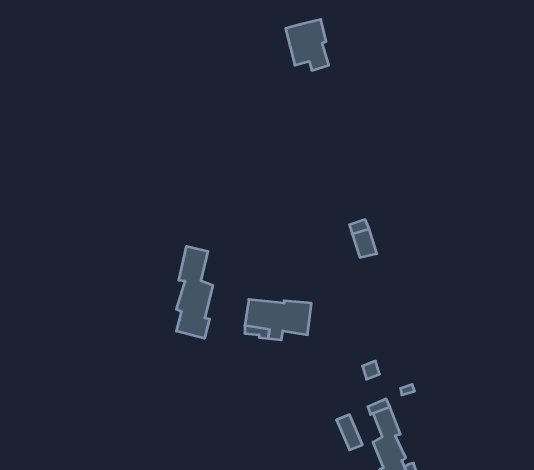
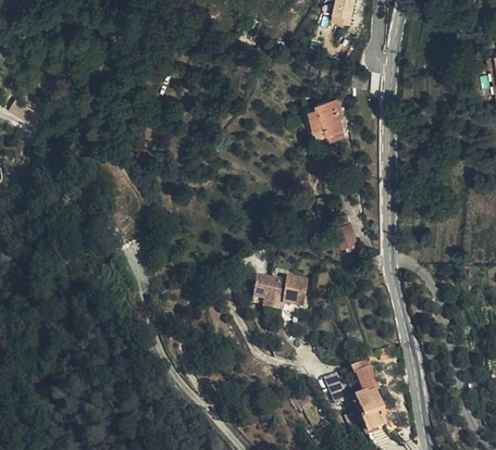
building: [286,19,329,70] -> [310,96,346,138]
building: [176,246,213,338] -> none

